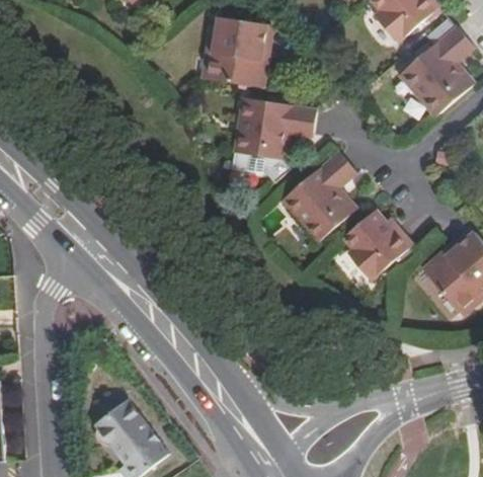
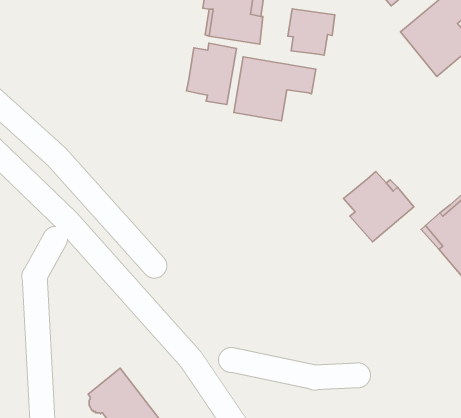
building: none -> [288,9,335,55]
building: none -> [187,43,236,105]
building: [284,149,358,241] -> none

